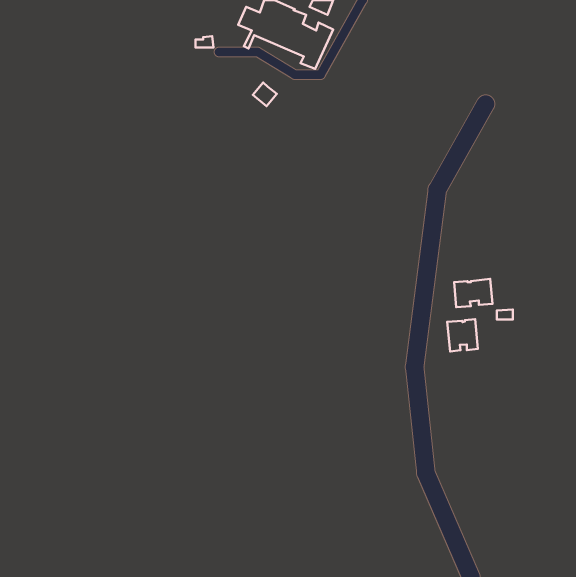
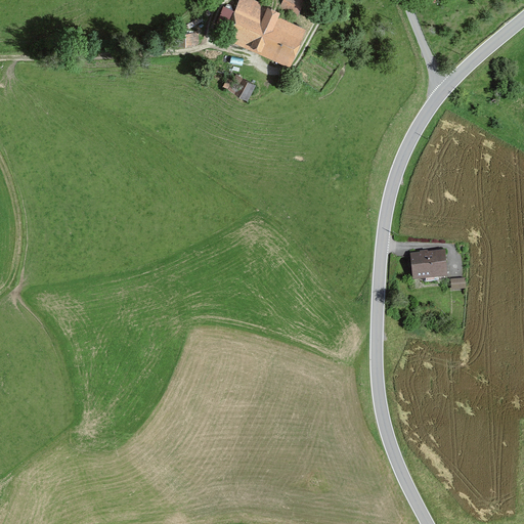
building: [447,319,478,351] -> none

